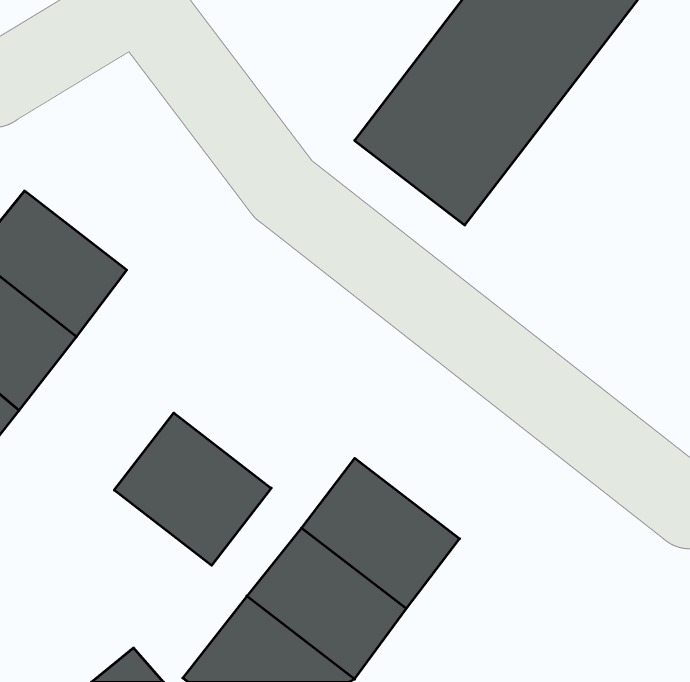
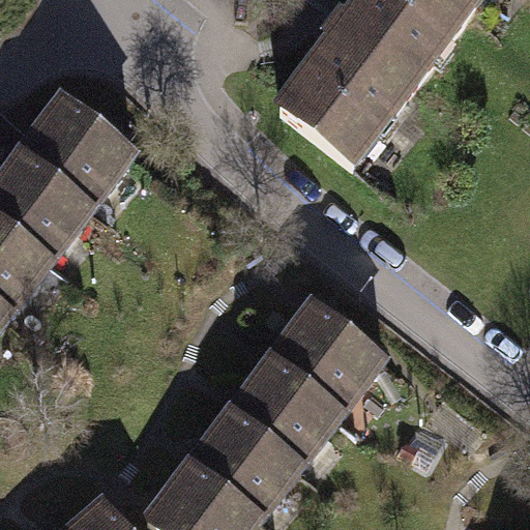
building: none -> [19,92,138,205]
building: none -> [269,294,390,409]
building: [114,413,271,565] -> none

